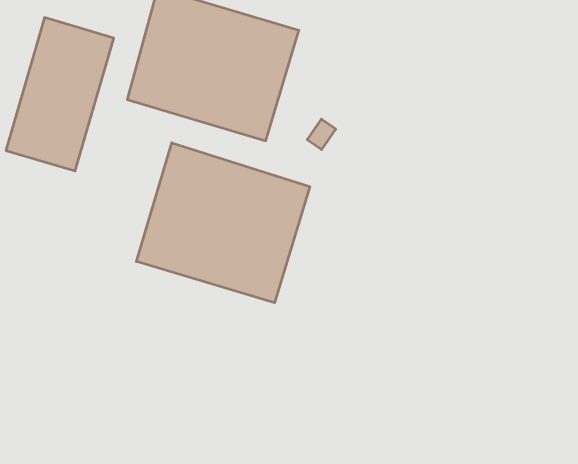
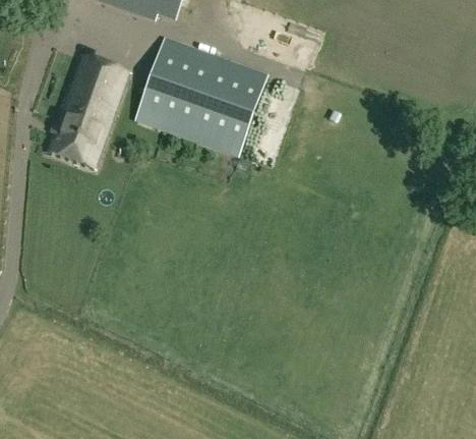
building: [136,143,310,303] -> none

